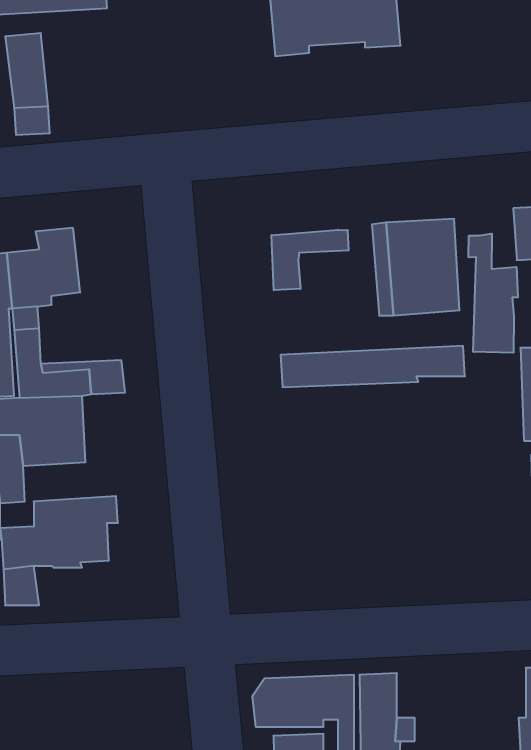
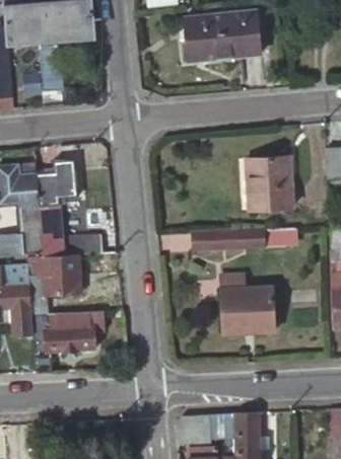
building: [272,230,349,290] -> none
building: [469,234,518,353] -> none
building: none -> [222,280,278,334]

